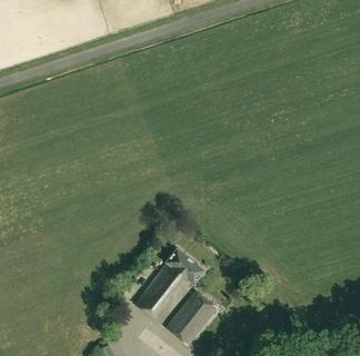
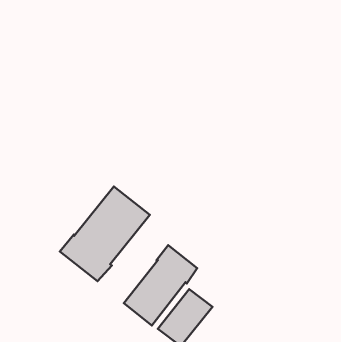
building: none -> [60,187,150,281]

